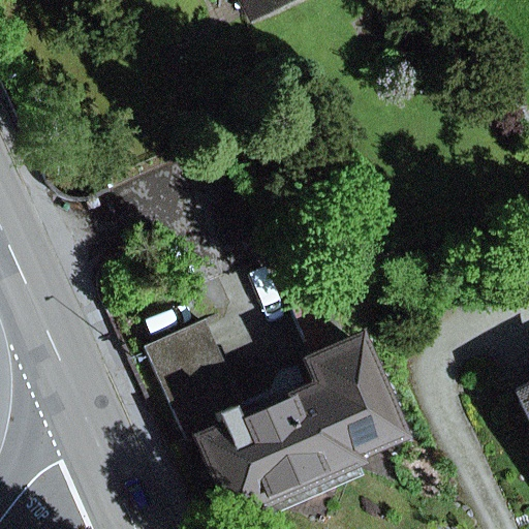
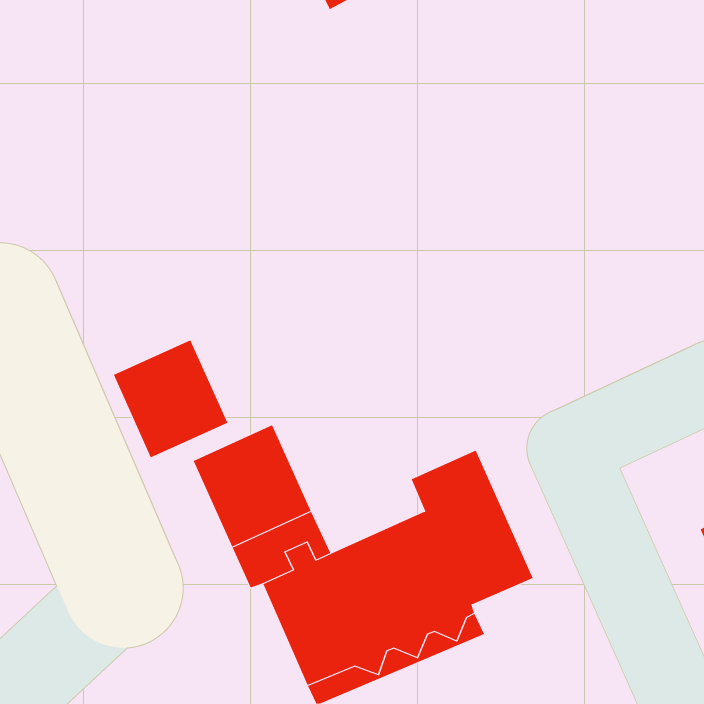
building: none -> [113,339,228,458]

